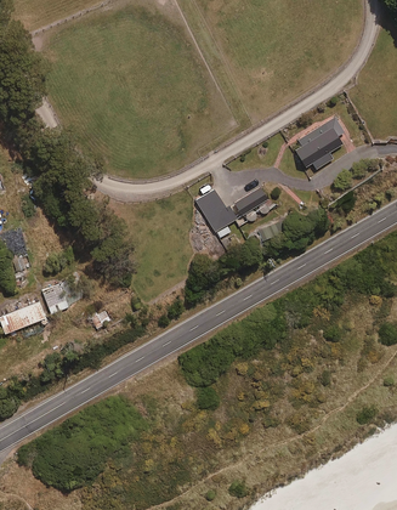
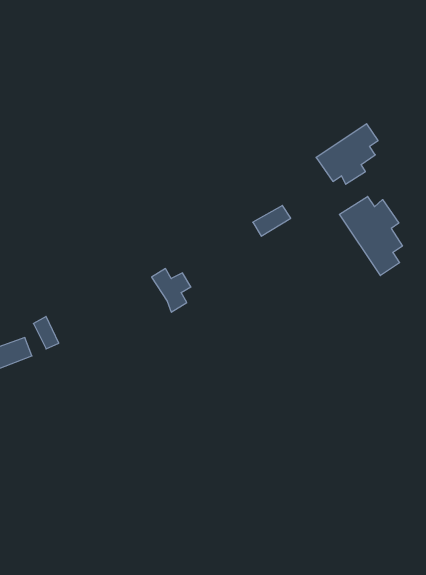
building: none -> [339,196,402,276]
building: [202,203,236,240] -> [152,269,191,312]

